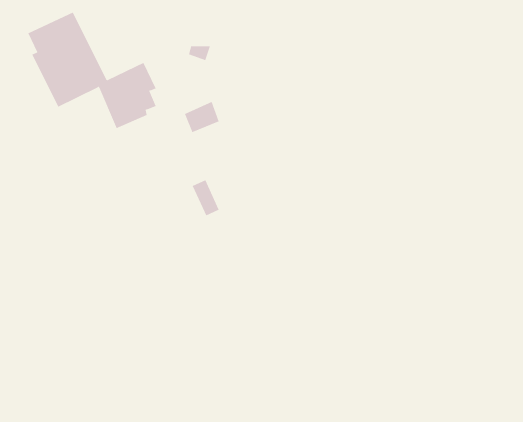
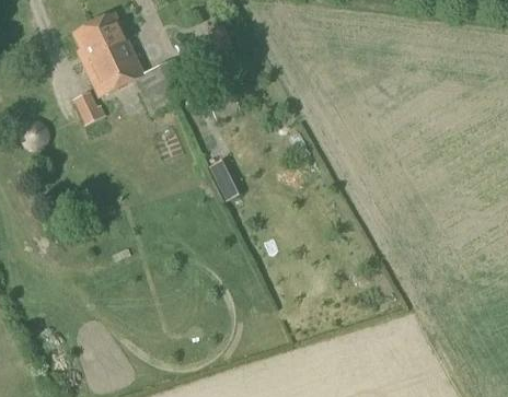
building: none -> [72,91,106,125]

